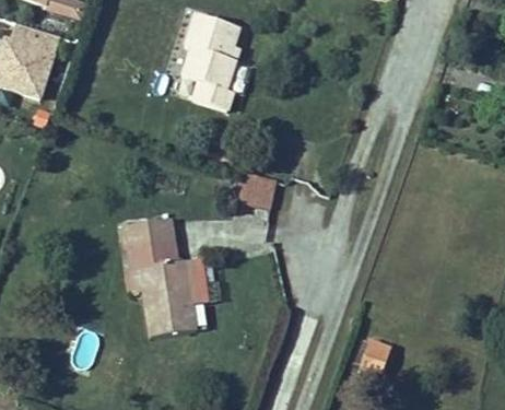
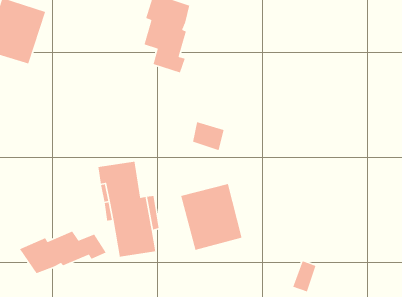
building: none -> [180,183,242,251]
building: none -> [19,231,107,274]

